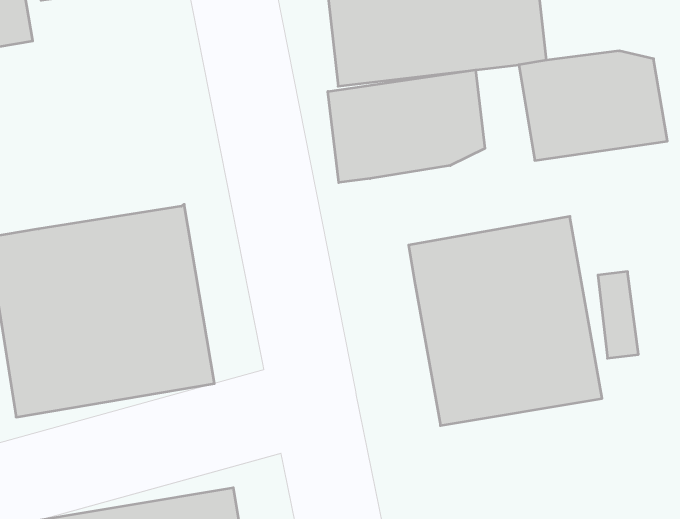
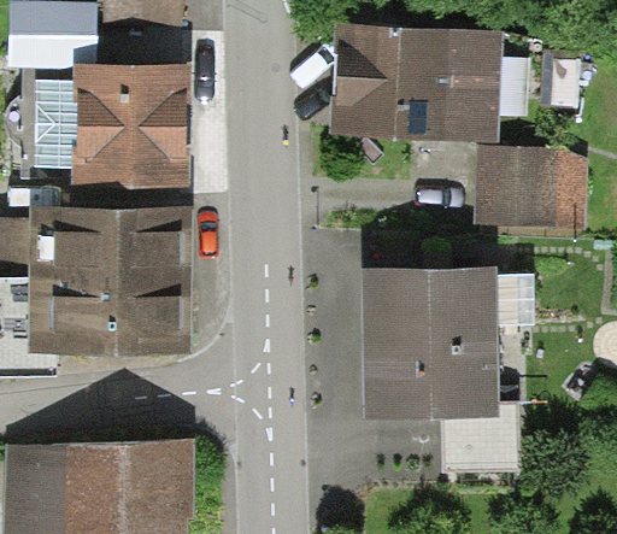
building: none -> [70,65,188,210]
building: [328,70,485,183] -> none

